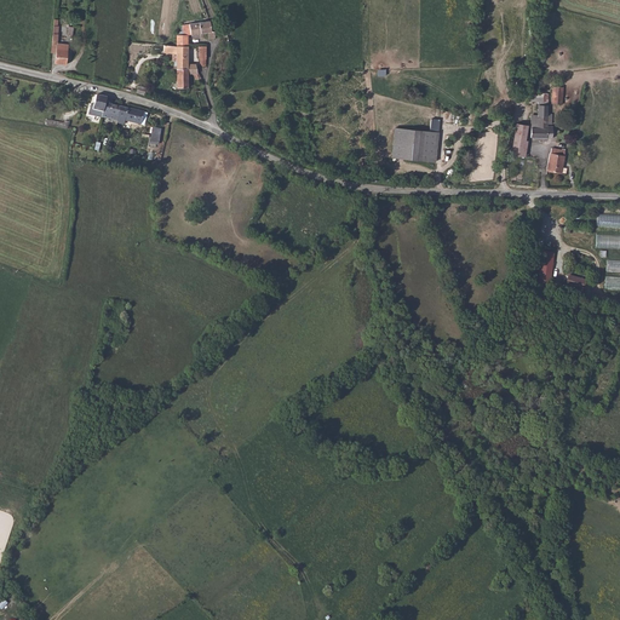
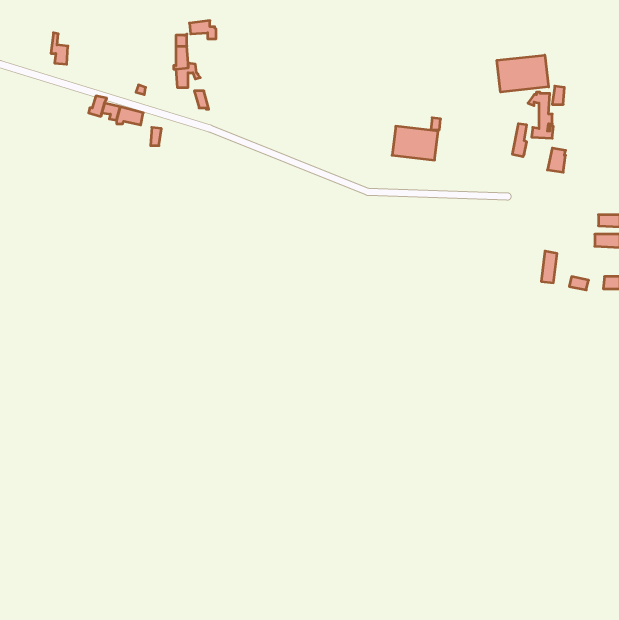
building: none -> [497,55,549,92]

